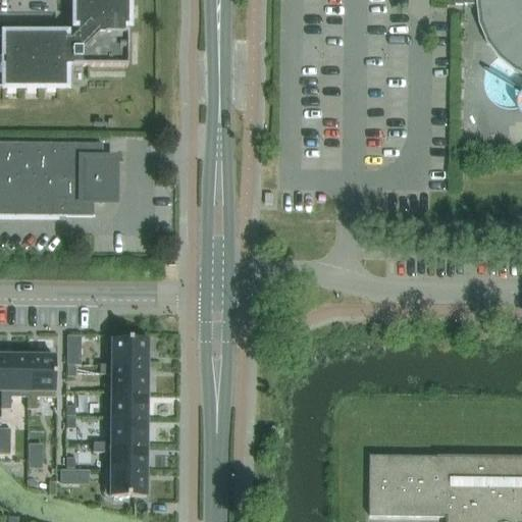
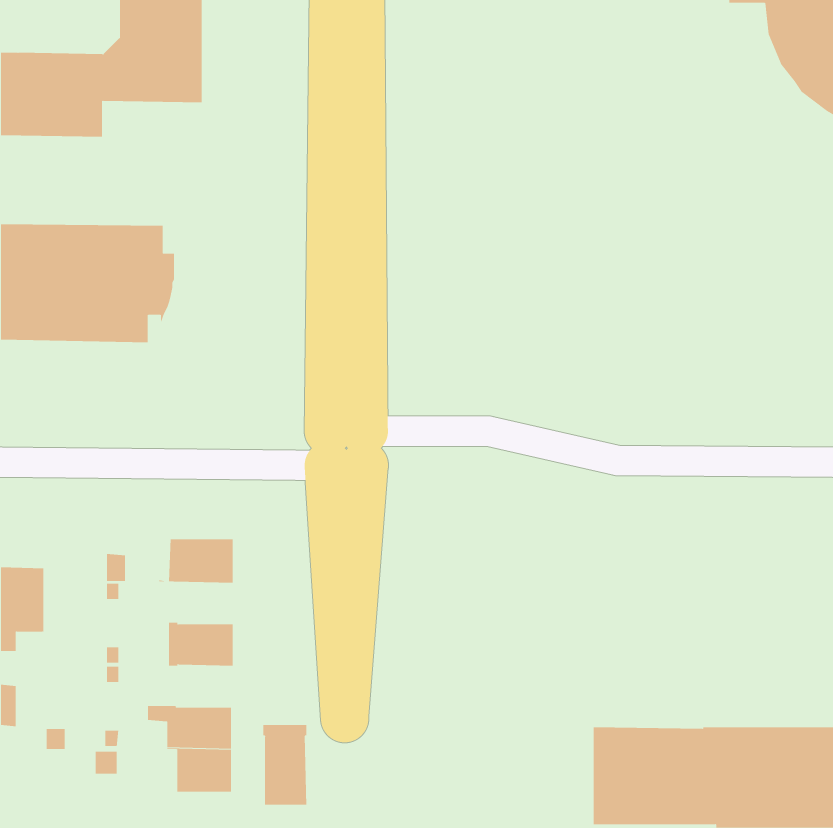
building: [28,355,55,408] -> none
building: [100,363,147,389] -> none
building: [111,415,147,441] -> none
building: none -> [263,724,307,805]

